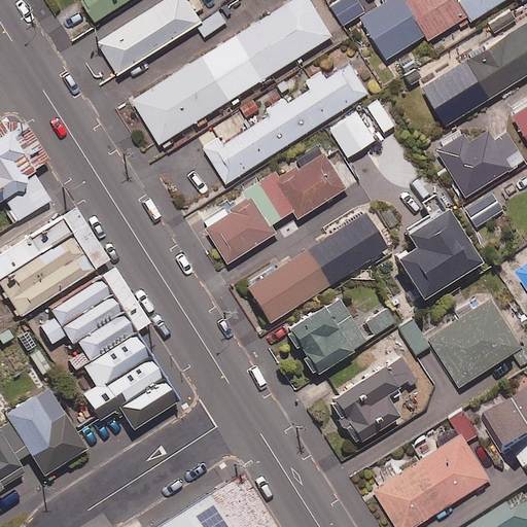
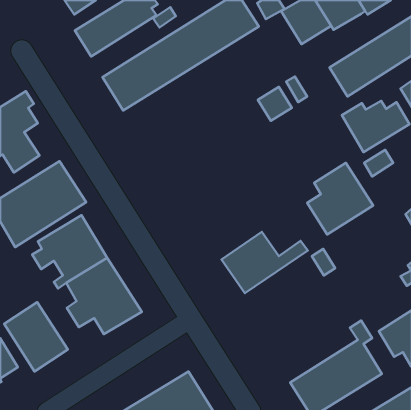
building: [203,65,367,184] -> none
building: [203,153,346,265] -> none
building: [242,213,385,326] -> none
building: [428,298,521,386] -> none
building: [329,359,414,446] -> none

